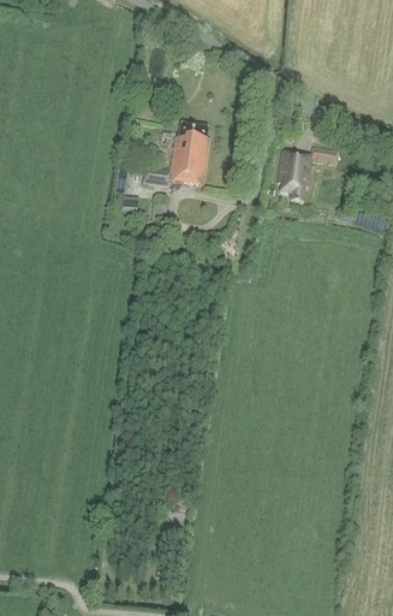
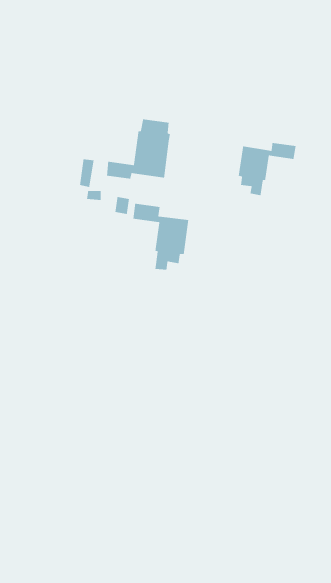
building: none -> [132,203,189,270]

